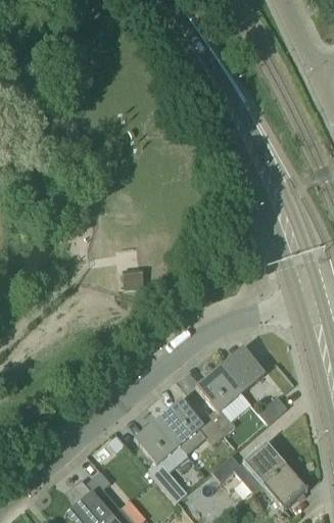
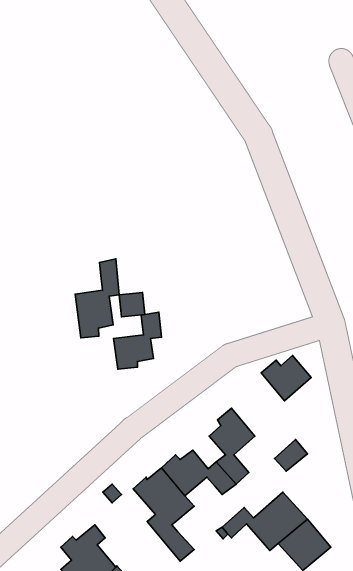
building: none -> [75,259,119,338]
building: none -> [113,312,161,369]
building: [221,353,265,393] -> [261,355,311,401]

